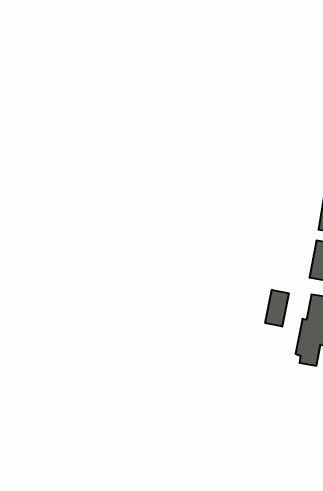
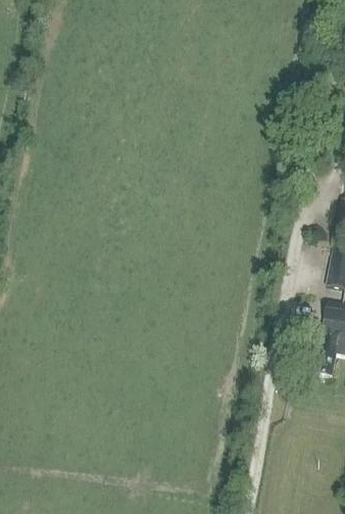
building: [265,290,289,327] -> none

